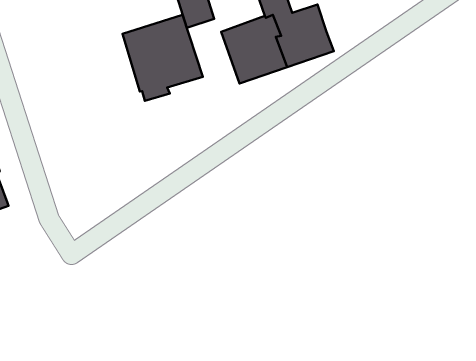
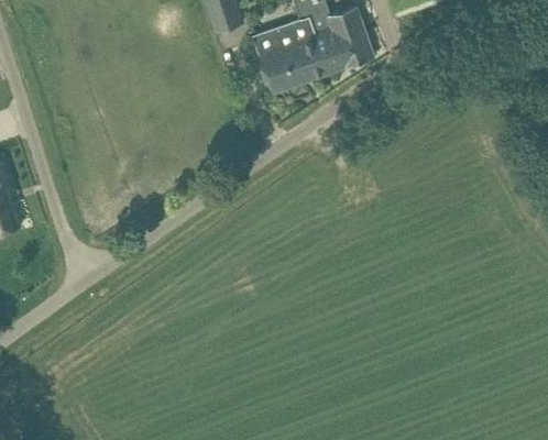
building: [122,15,203,101] -> none

